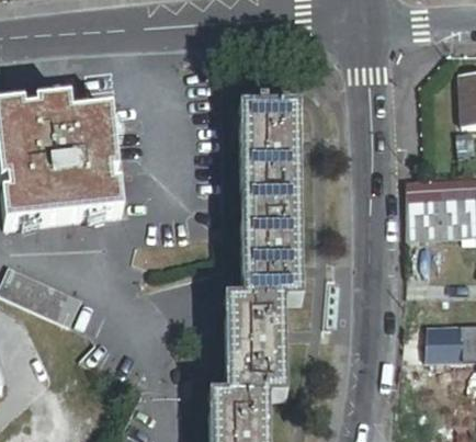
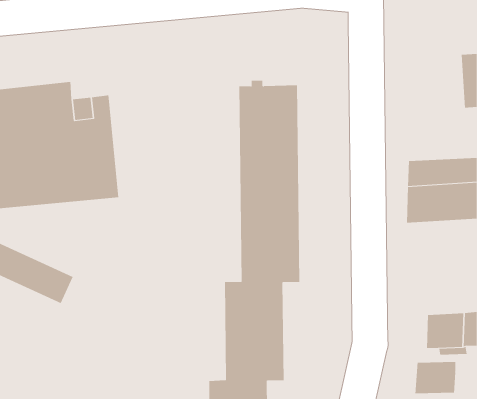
building: none -> [415,361,456,394]

